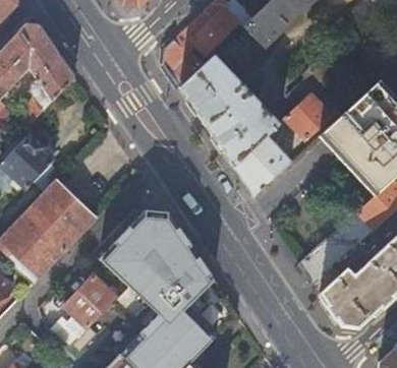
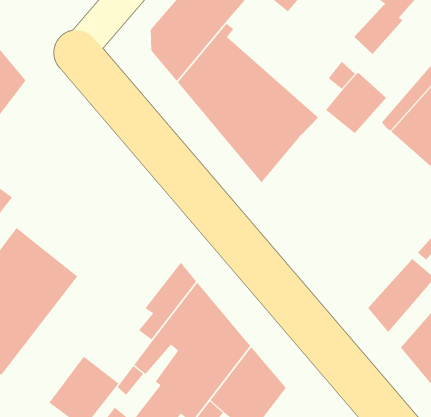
building: [233,134,290,196] -> none
building: [95,197,170,268] -> none

